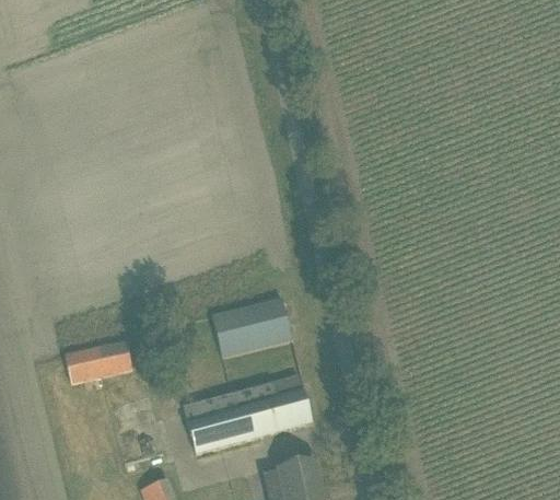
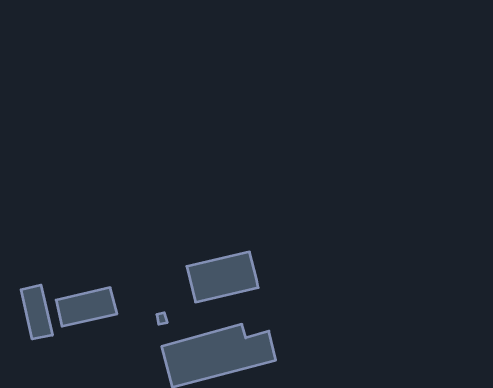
building: none -> [21,285,52,339]

